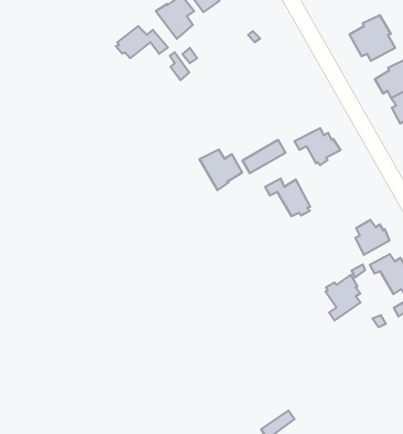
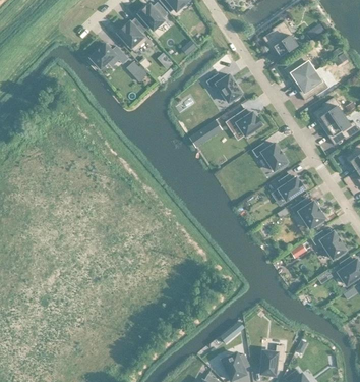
building: none -> [206,74,241,102]
building: [200,150,242,190] -> none
building: [265,178,310,216] -> [252,143,287,170]
building: [326,275,360,320] -> none

